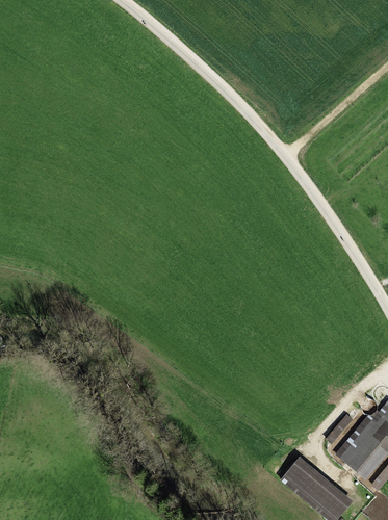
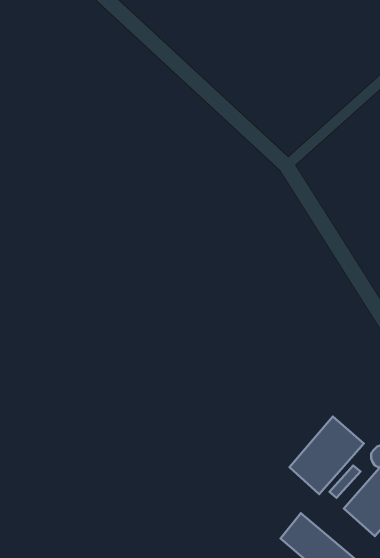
building: none -> [289,416,364,494]

